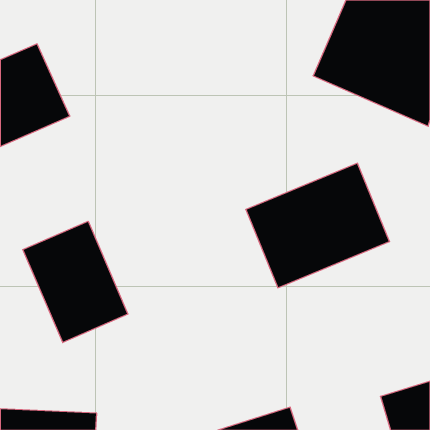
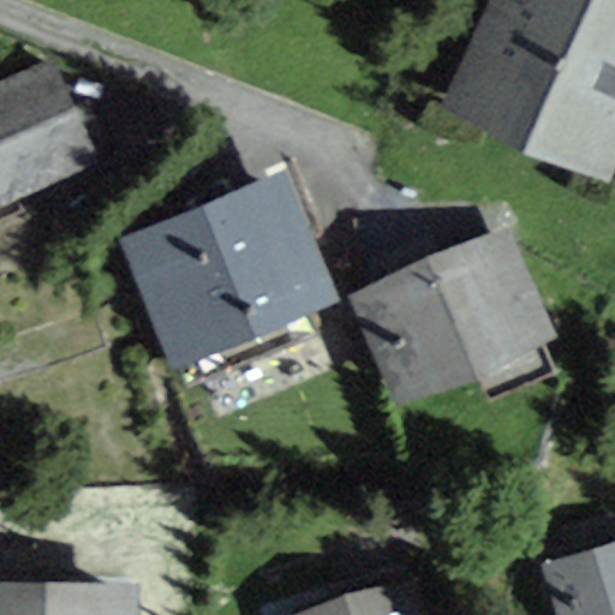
building: none -> [121,173,336,366]
building: [23,221,128,343] -> none

